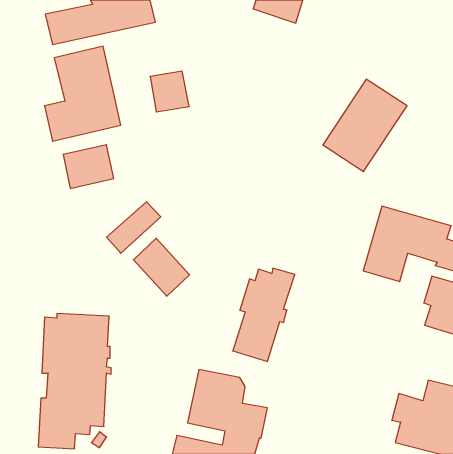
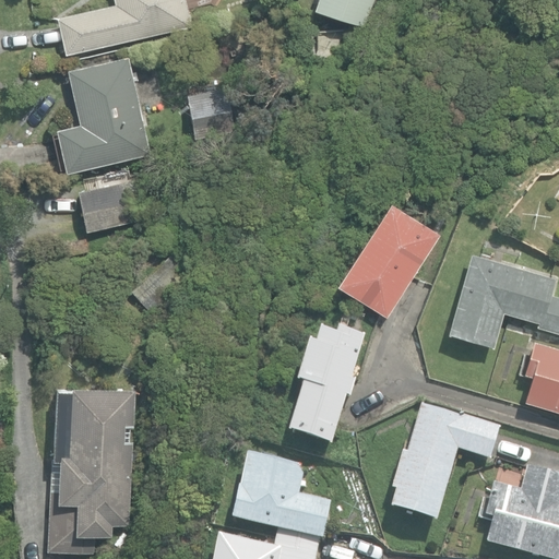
building: [323,79,407,172] -> [335,202,439,316]
building: [133,238,190,296] -> none
building: none -> [390,406,498,522]

